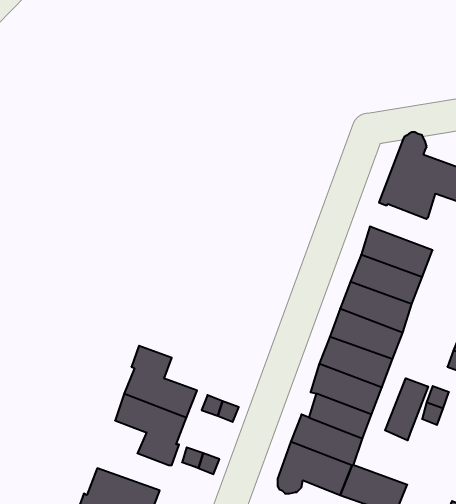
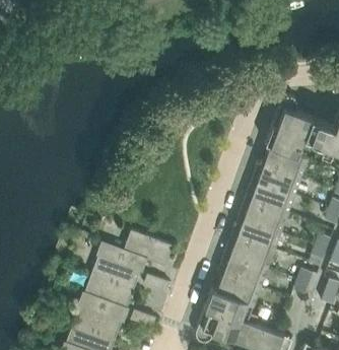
building: none -> [264,145,309,177]
building: none -> [119,230,174,273]
building: [385,378,428,440] -> none
building: none -> [73,291,122,340]

